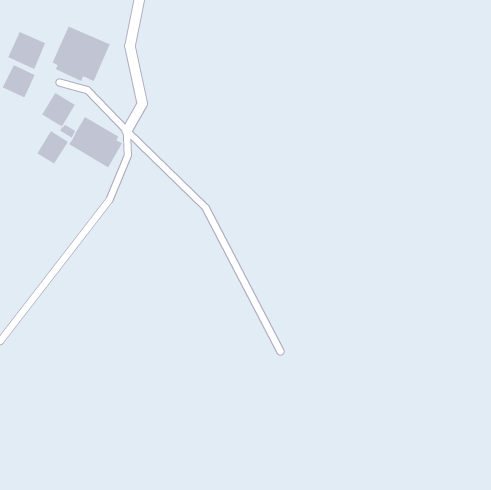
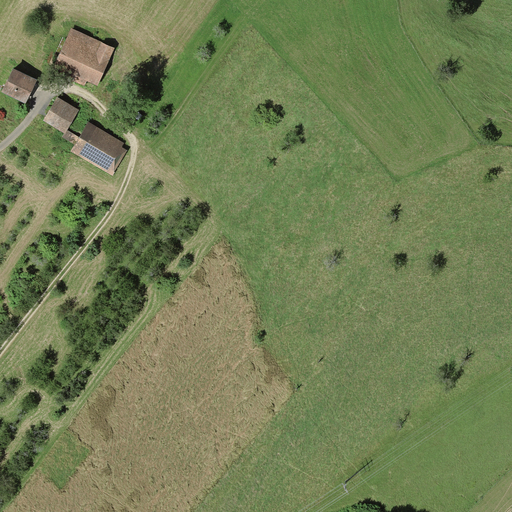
building: [8,31,46,70] -> none
building: [37,131,69,165] -> none

